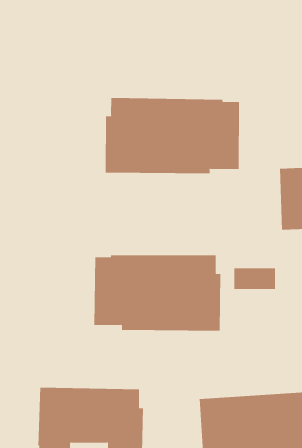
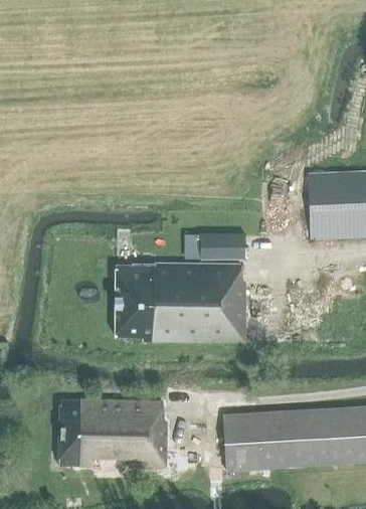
building: [105,97,240,174] -> none
building: [234,268,276,289] -> [201,237,244,260]

